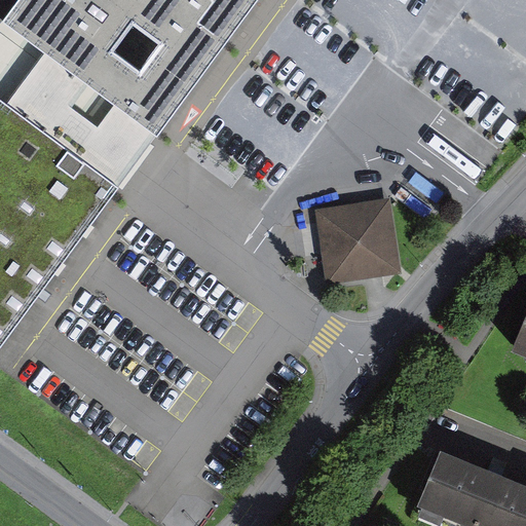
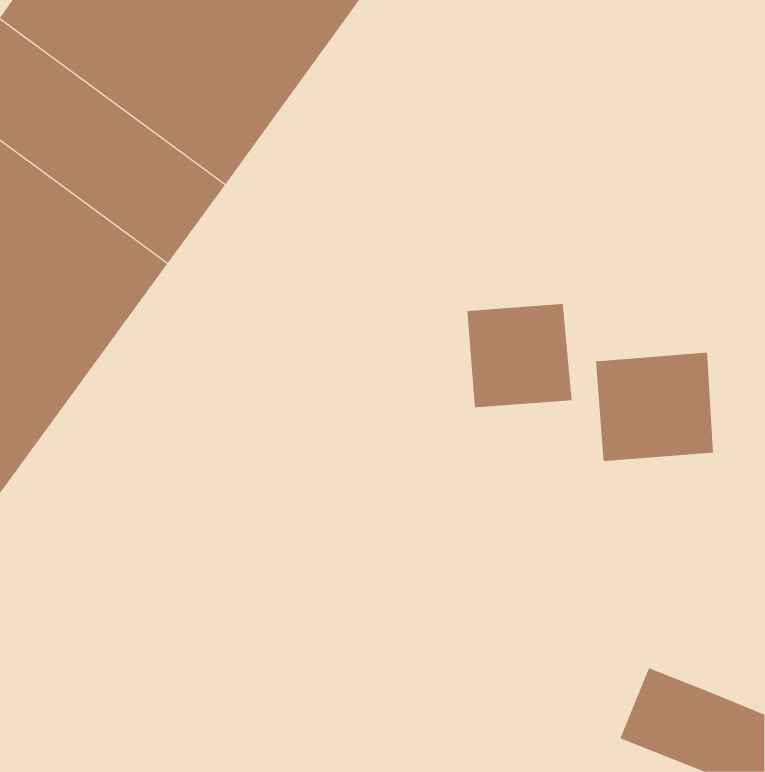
building: none -> [595,352,714,462]

